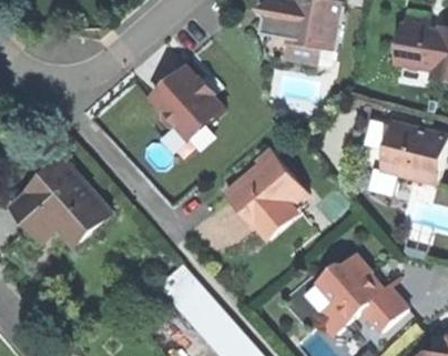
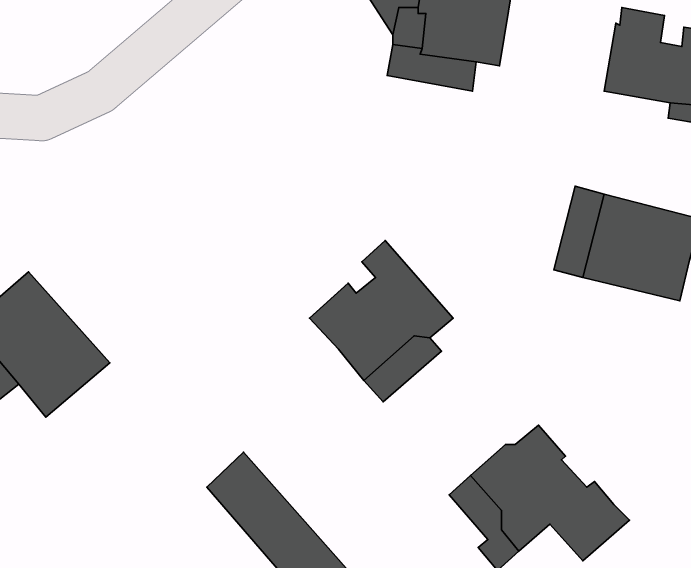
building: [149,64,221,139] -> none

